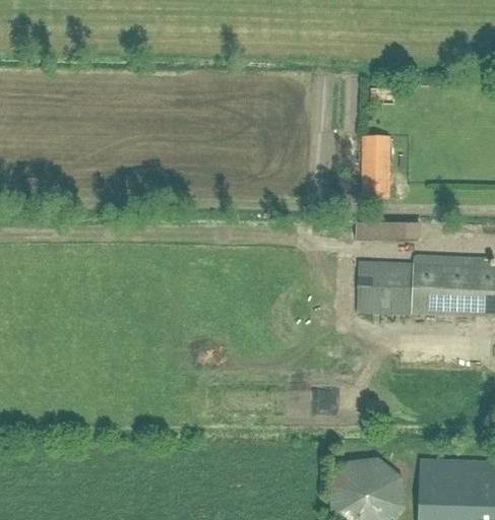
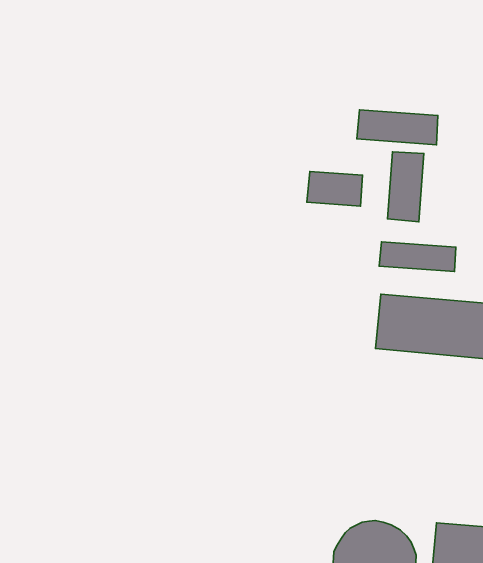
building: none -> [357,110,438,145]
building: none -> [307,171,362,206]

